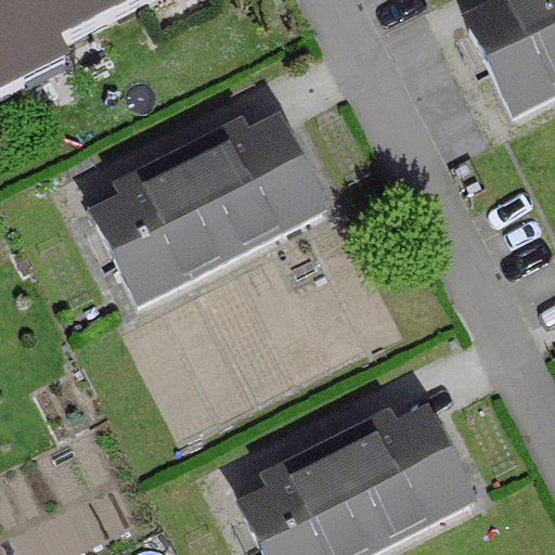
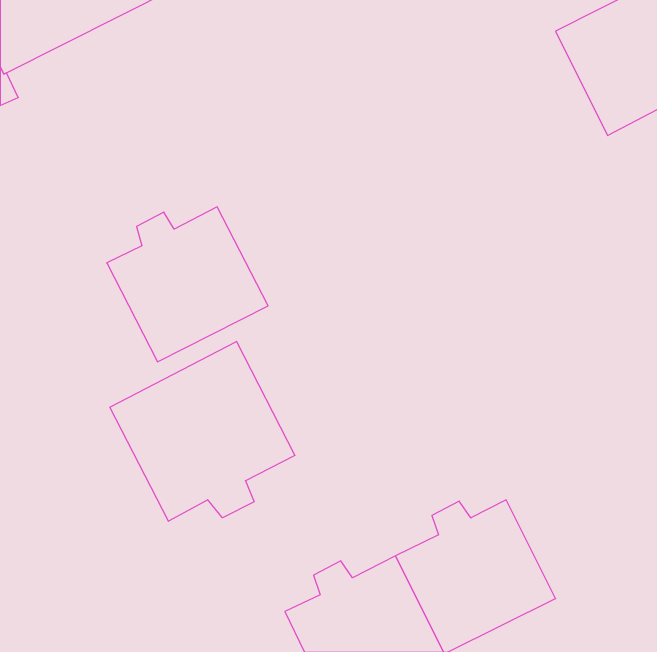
building: [188,126,322,255] -> none
building: none -> [110,341,295,521]

